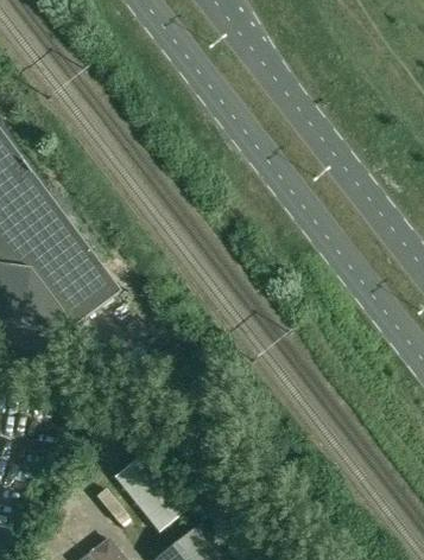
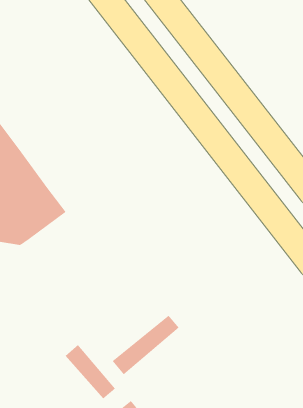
building: none -> [112,315,180,375]

